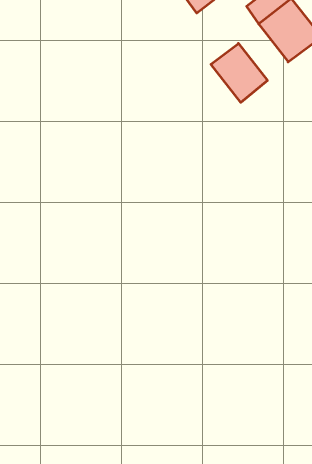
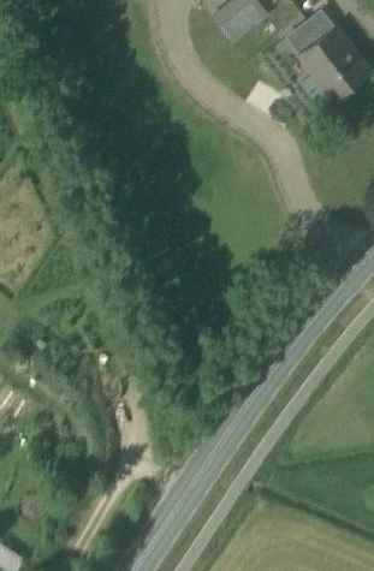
building: [211,43,267,102] -> none

